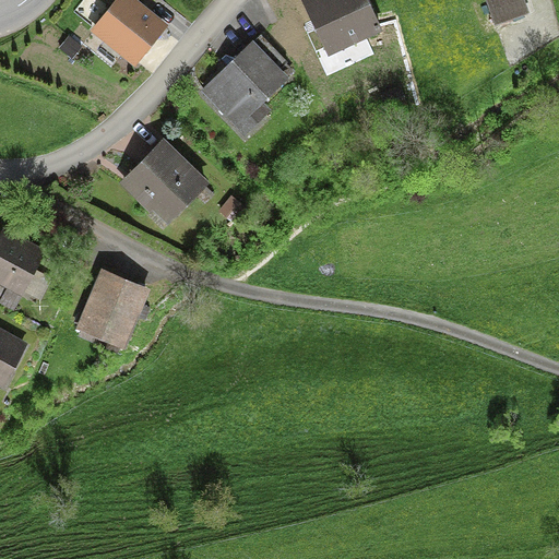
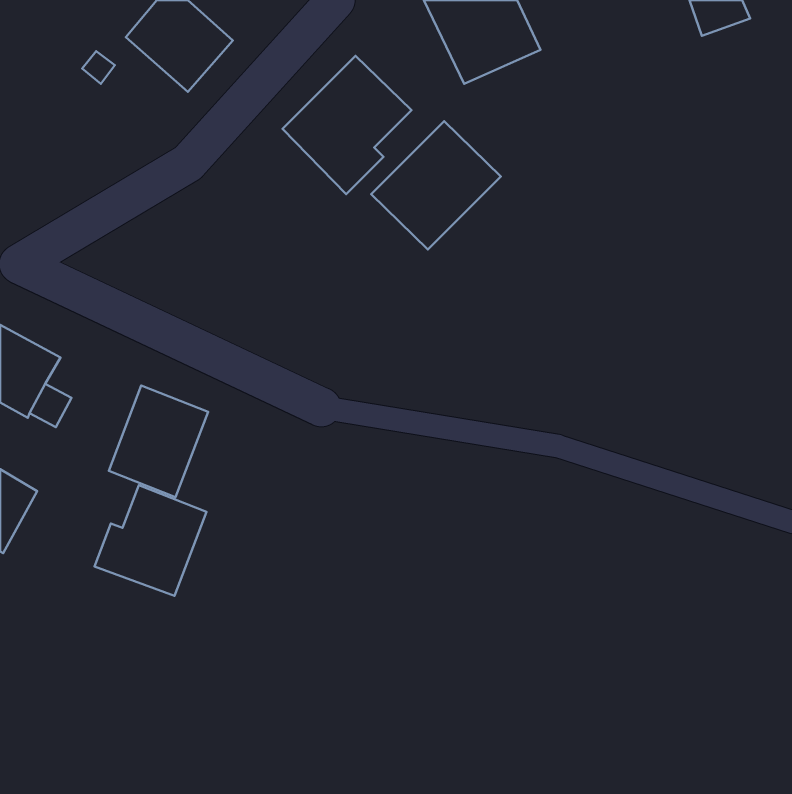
building: none -> [371,121,501,249]
building: [119,139,207,226] -> none
building: none -> [95,485,206,596]

